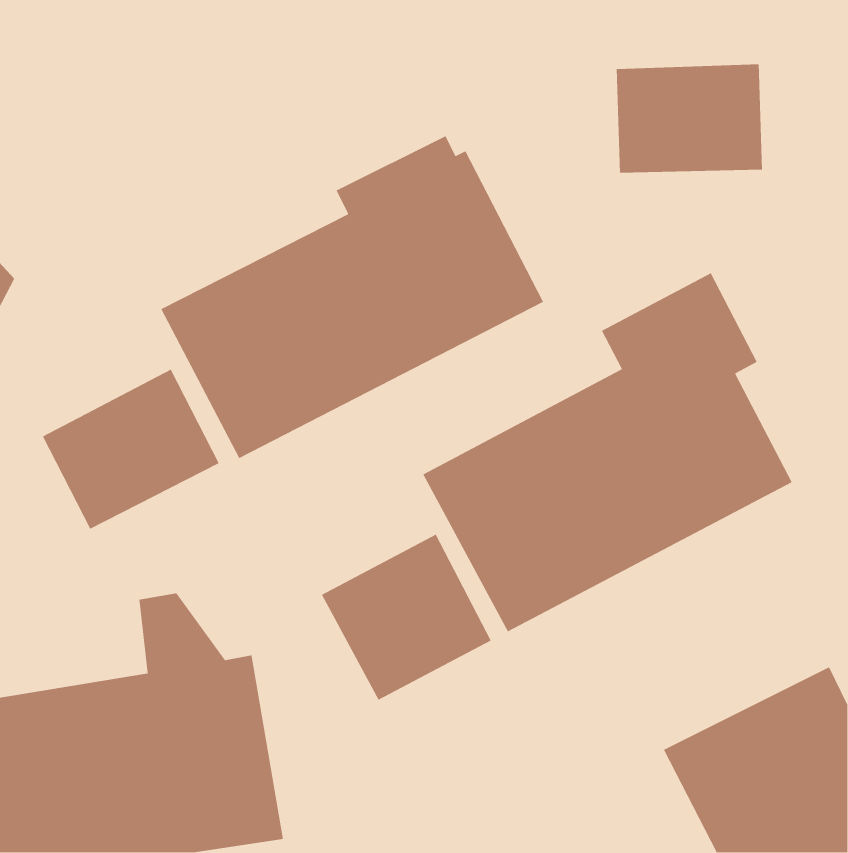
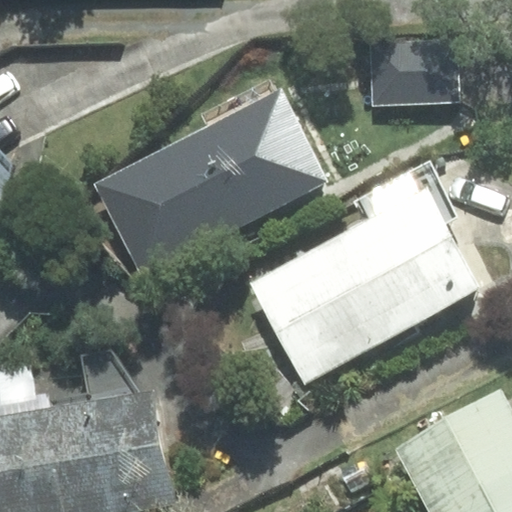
building: [42,368,220,530] -> none
building: [321,534,492,701] -> none

